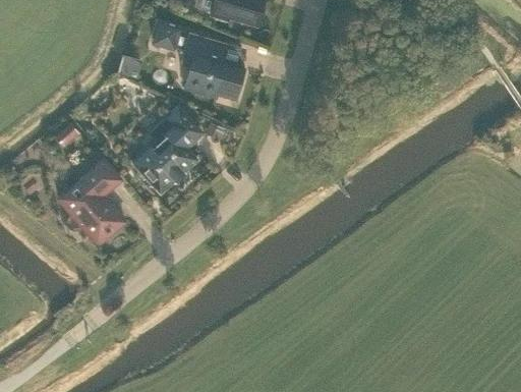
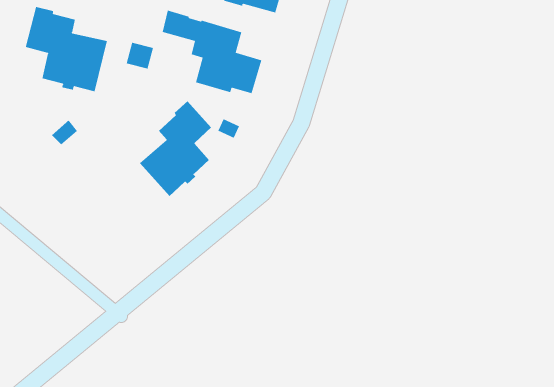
building: none -> [25,6,107,92]
building: [59,160,126,244] -> none

